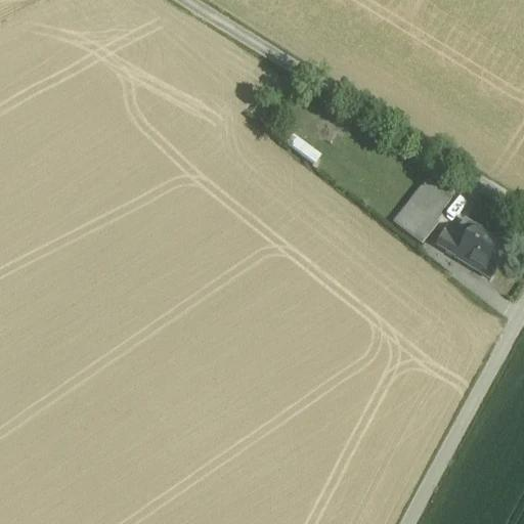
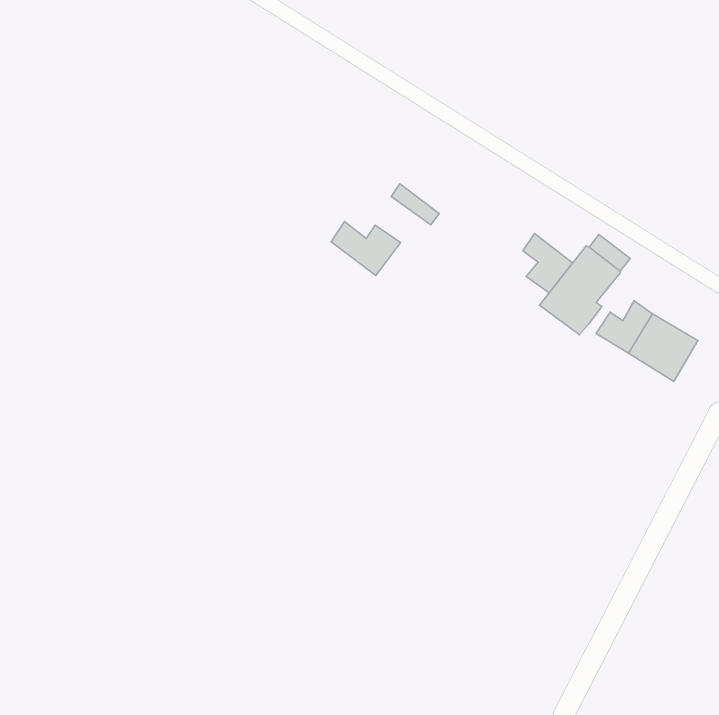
building: none -> [331,222,401,275]
building: none -> [523,233,572,293]

